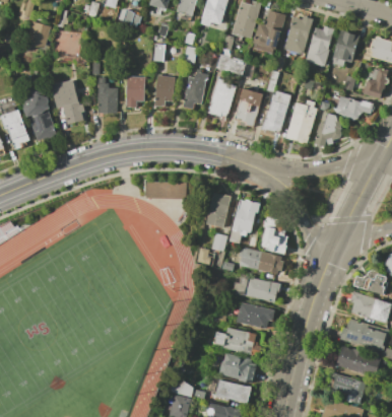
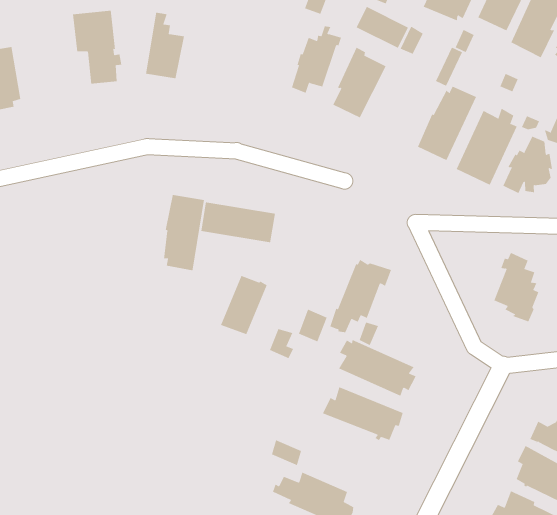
building: [154,75,175,108] -> none
building: [127,76,145,109] -> none
building: [23,89,57,141] -> none
building: [235,89,263,129] -> none
building: none -> [164,194,205,271]
building: [206,194,230,227] -> [220,276,267,335]
building: [261,216,286,255] -> [494,252,539,322]
building: [235,302,273,329] -> none

